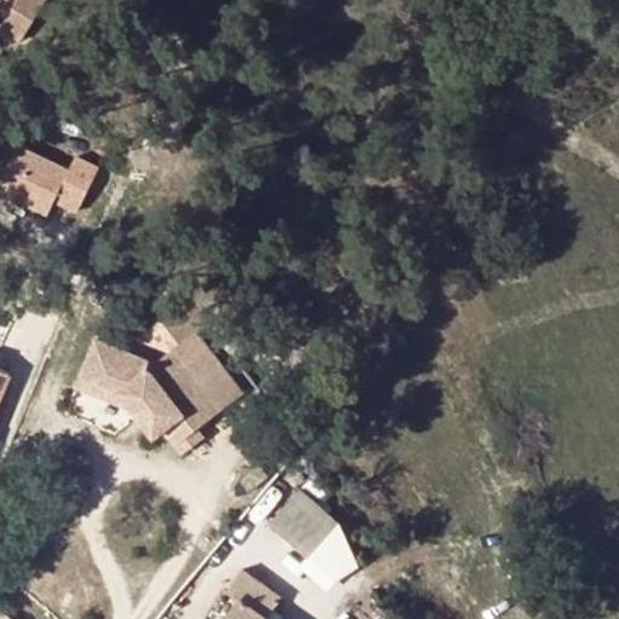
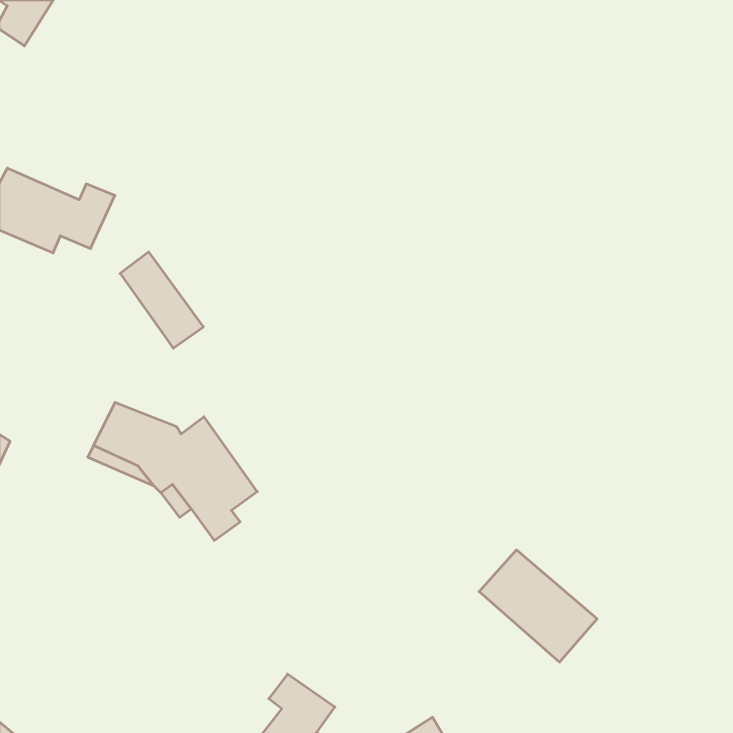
building: [172,334,242,415] -> [120,252,203,348]
building: [265,488,364,583] -> [479,550,597,662]

